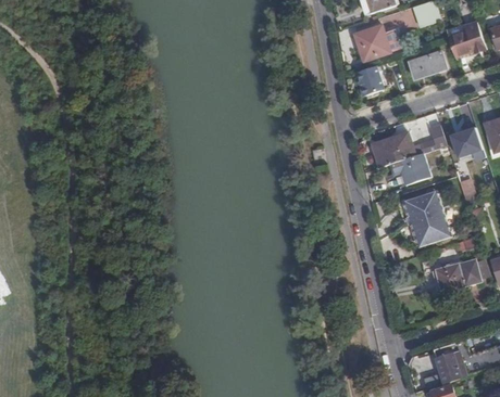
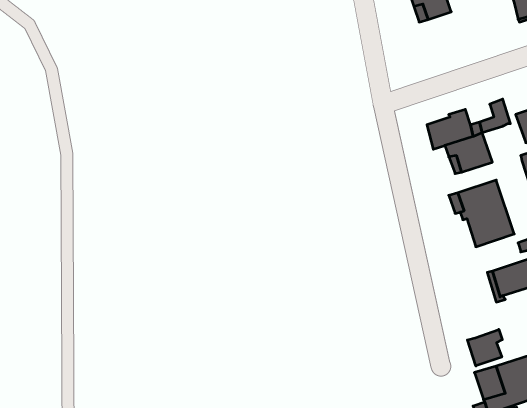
building: [410,51,447,78] -> none
building: [353,66,380,94] -> none
building: none -> [467,329,502,366]

